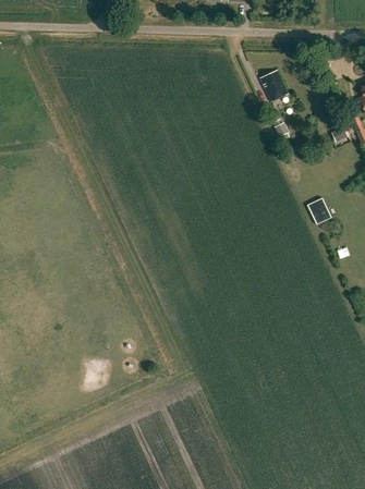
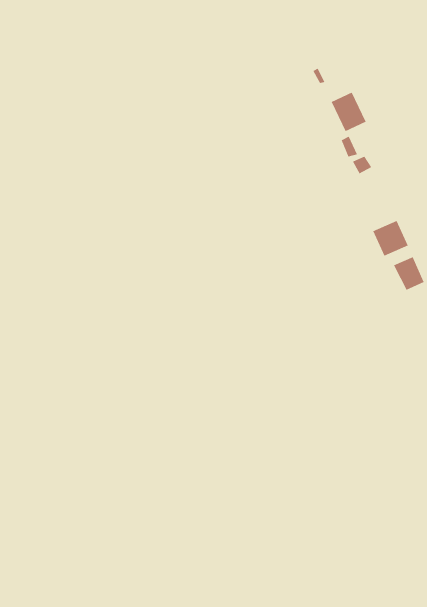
building: none -> [373,220,408,257]

